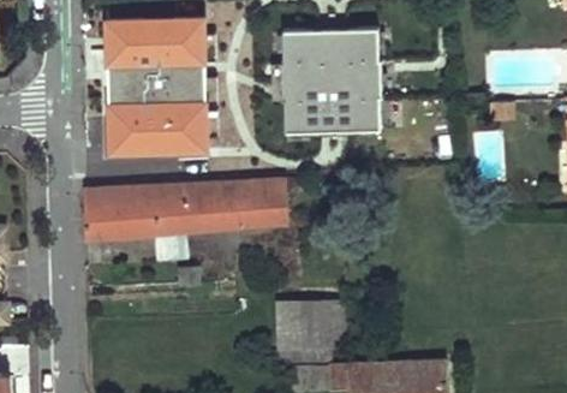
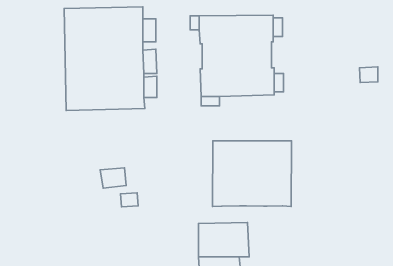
building: [84,178,296,236] -> none
building: none -> [213,141,291,206]

